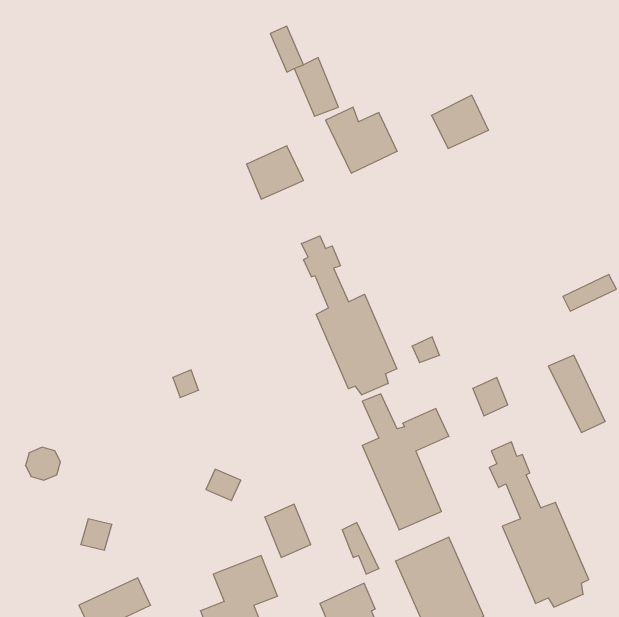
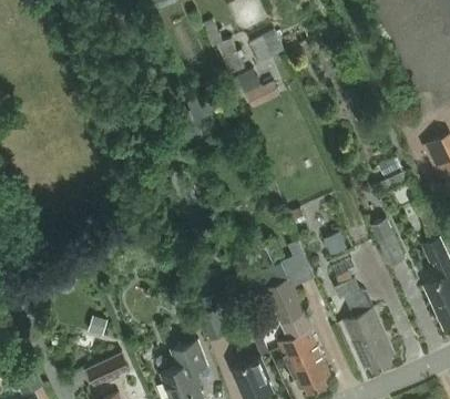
building: [431,95,489,149] -> [250,31,285,63]
building: [301,236,397,395] -> none

